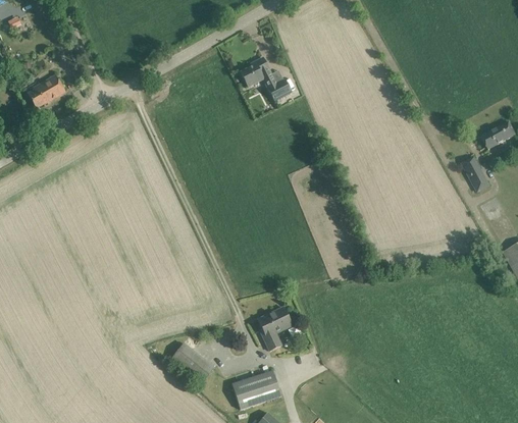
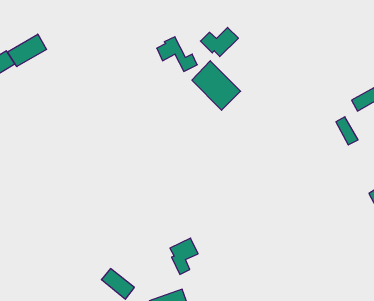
building: none -> [200,27,238,57]
building: none -> [7,34,47,67]
building: none -> [192,61,241,110]

